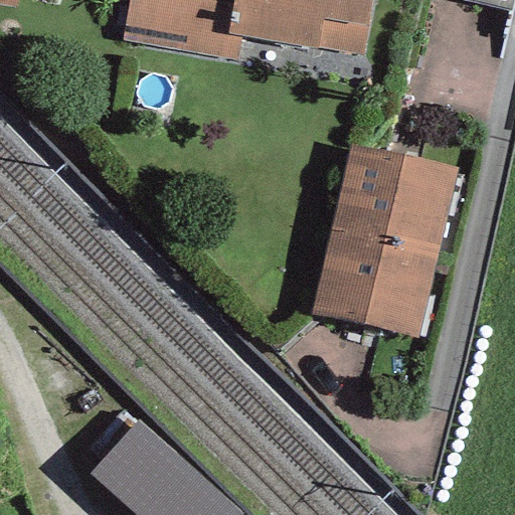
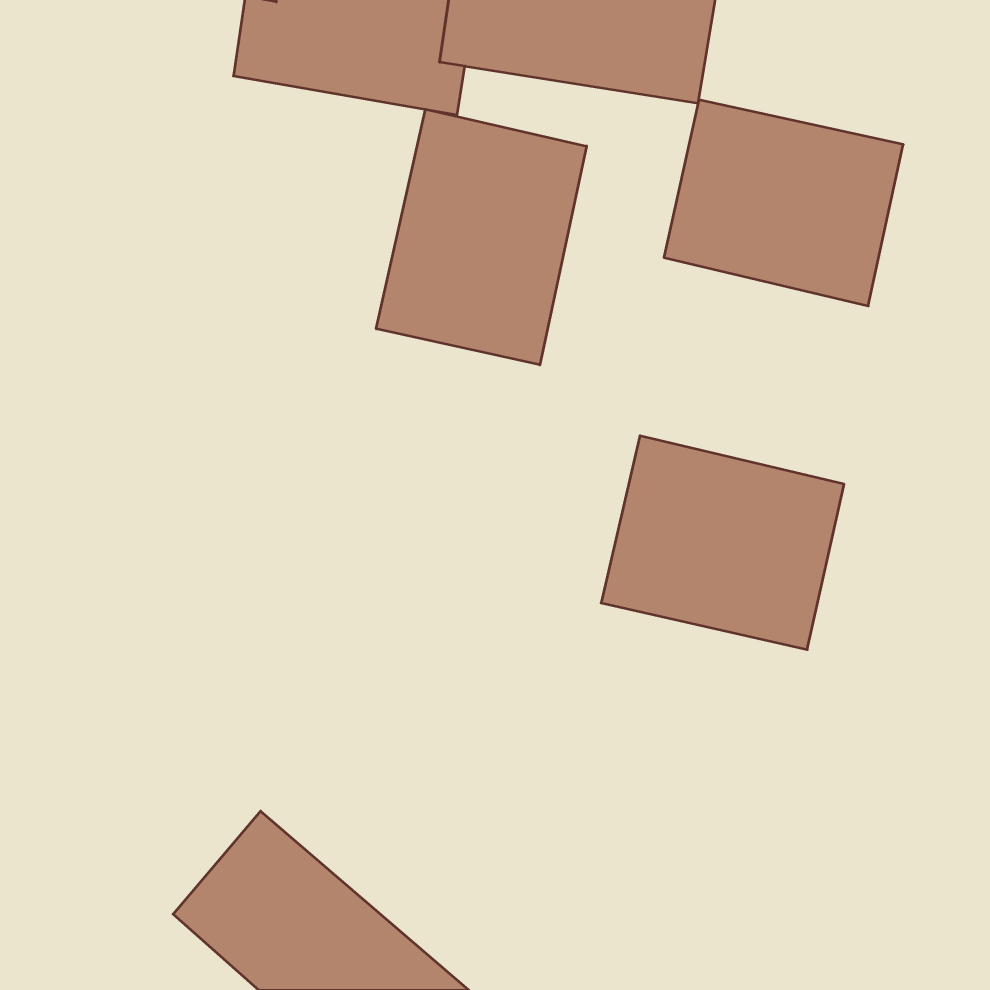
building: none -> [376,109,587,365]
building: [333,144,457,250] -> [664,100,903,306]

